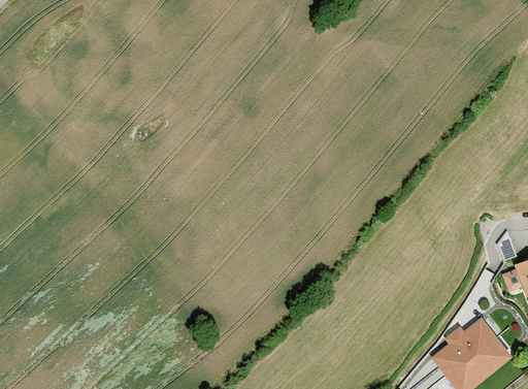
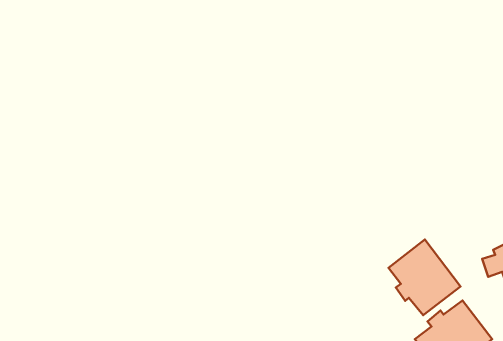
building: none -> [388,240,461,315]

